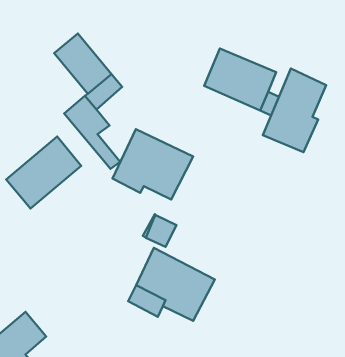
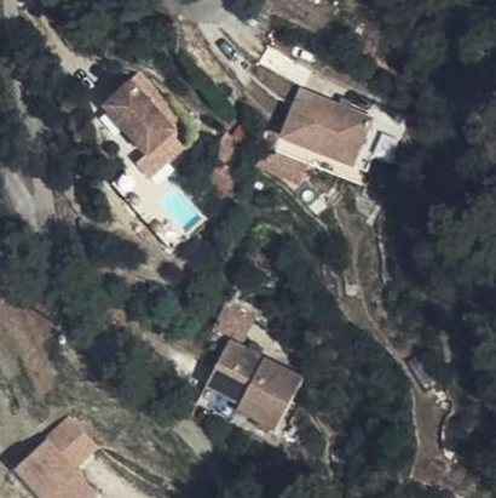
building: [263,69,326,152] -> none
building: [112,129,193,200] -> none
building: [6,137,81,208] -> none

